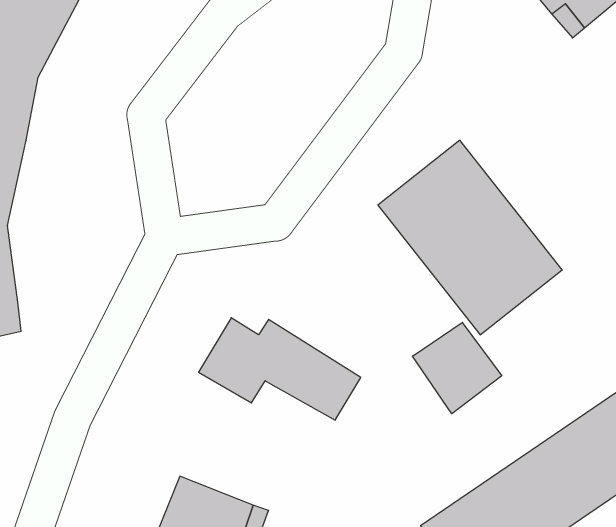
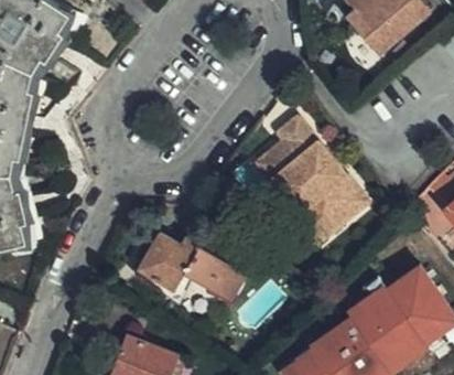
building: [412,322,502,414] -> none

